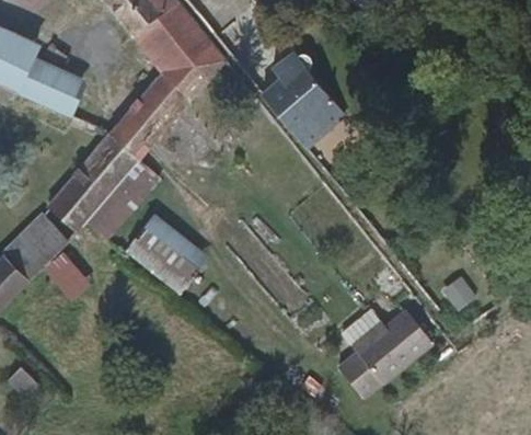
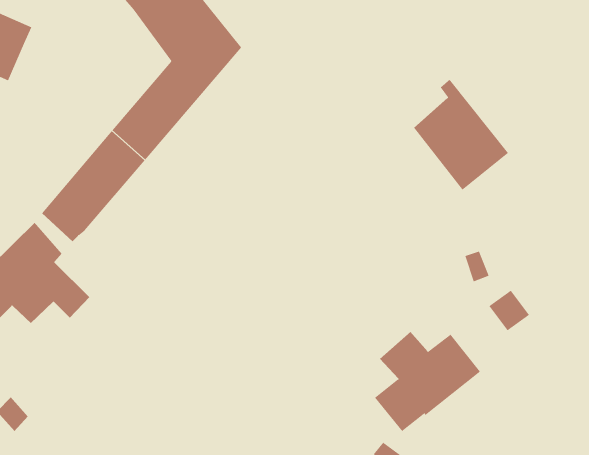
building: [262,50,345,148] -> [413,79,509,191]
building: [20,57,88,115] -> none
building: [86,159,160,238] -> none
building: [125,219,205,293] -> none

